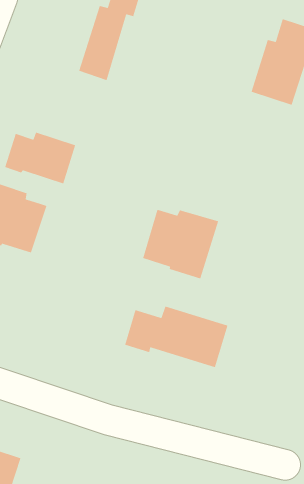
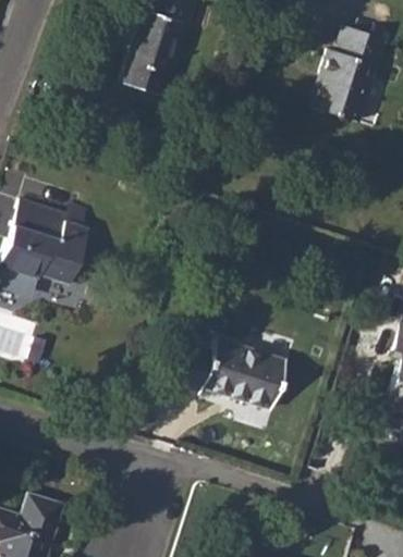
building: [4,132,76,185] -> none
building: [142,209,219,279] -> none

